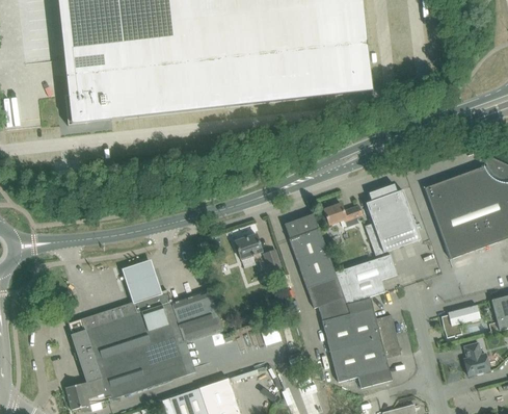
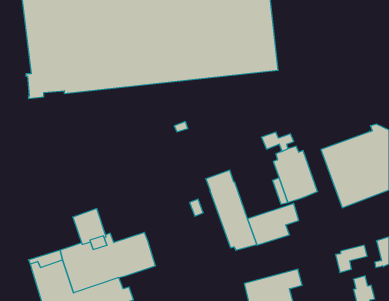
building: [323,204,363,228] -> [261,132,294,152]
building: [235,234,262,258] -> none
building: [320,297,396,352] -> none

